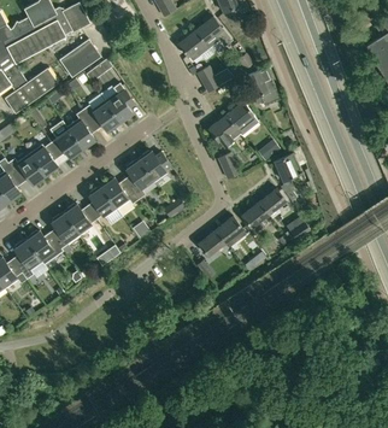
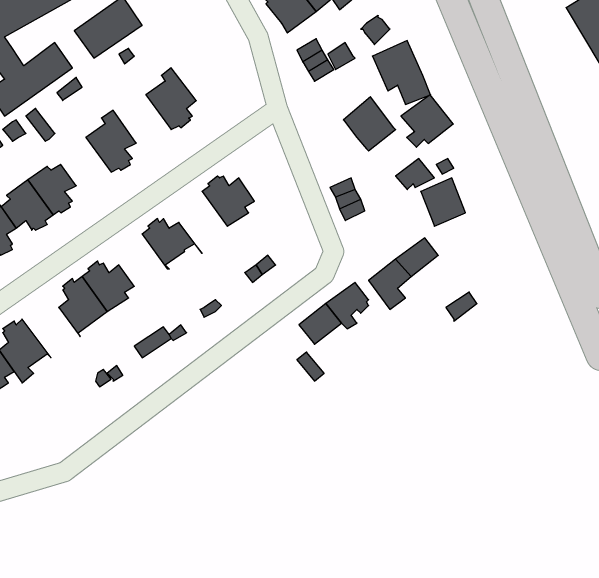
building: [83,100,119,131] -> none
building: [208,116,241,148] -> [401,95,453,147]
building: [49,121,82,158] -> none
building: [124,160,154,199] -> none
building: [87,187,117,219] -> none
building: [27,230,63,264] -> none

